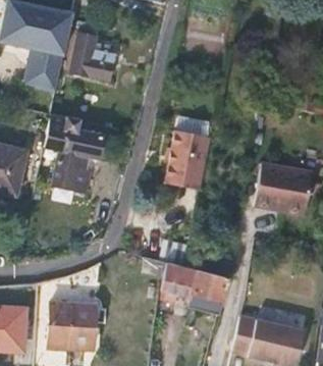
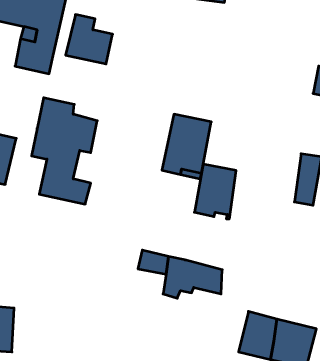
building: [253,160,291,211] -> [194,164,236,219]
building: [49,301,98,348] -> none

